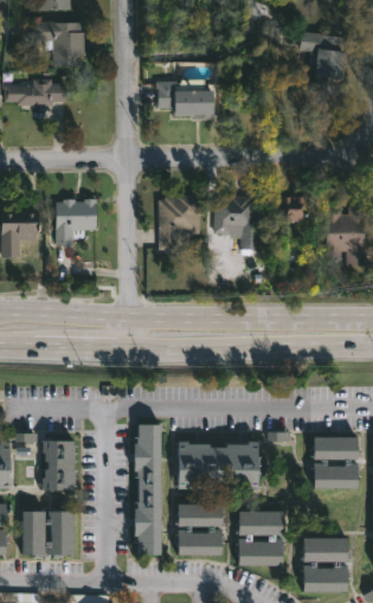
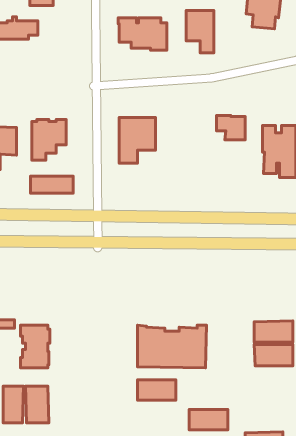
building: none -> [186,11,214,53]
building: [213,198,256,252] -> none
building: none -> [30,176,73,193]
building: [131,424,159,554] -> none
building: [239,511,284,534] -> none
building: [179,530,224,554] -> none
building: [304,537,348,562] -> none

